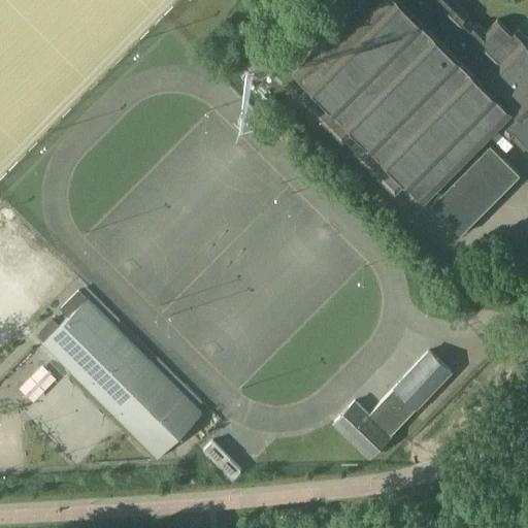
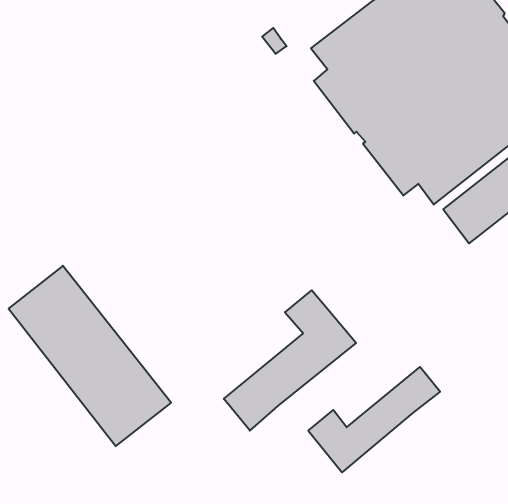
building: none -> [224,290,356,431]
building: [207,434,249,475] -> none

